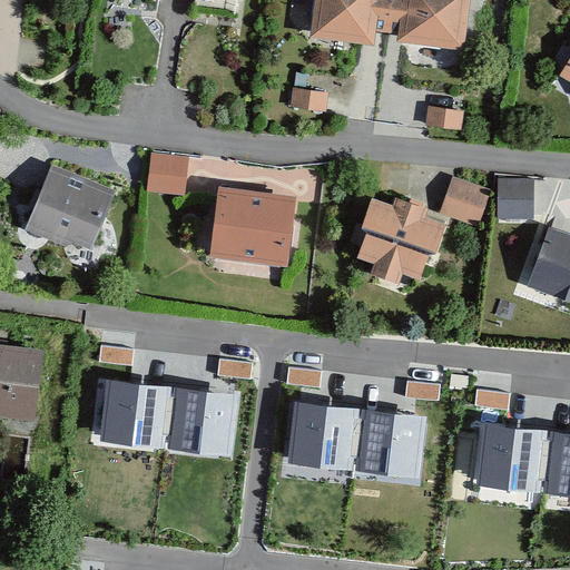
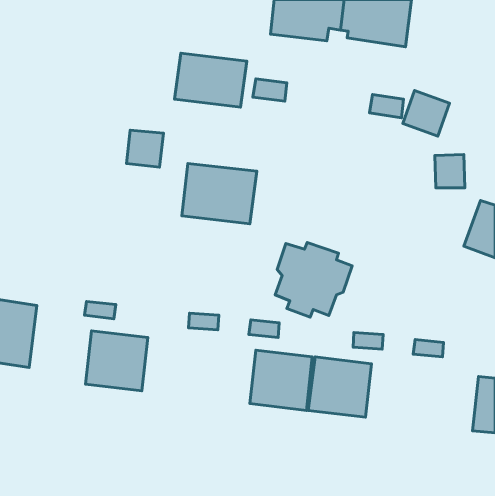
building: none -> [175,53,247,107]
building: [28,166,115,246] -> none
building: [439,178,492,230] -> [403,91,449,136]
building: [358,199,446,285] -> [275,242,352,317]
building: [165,386,237,455] -> none
building: [474,423,546,492] -> none

